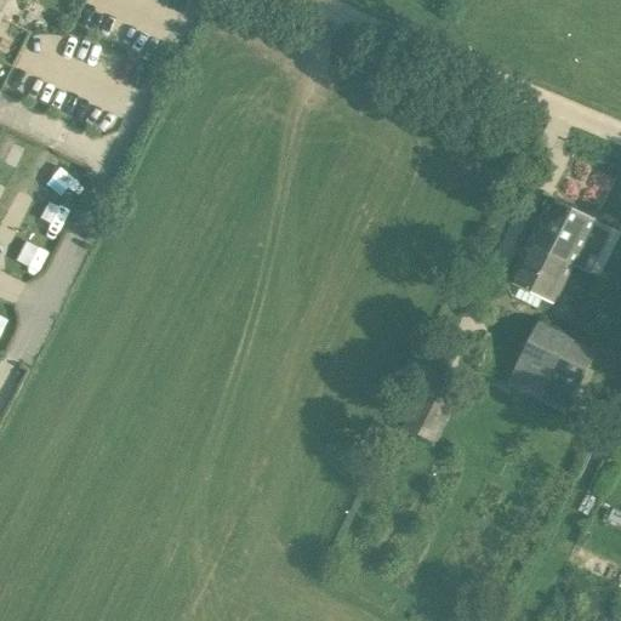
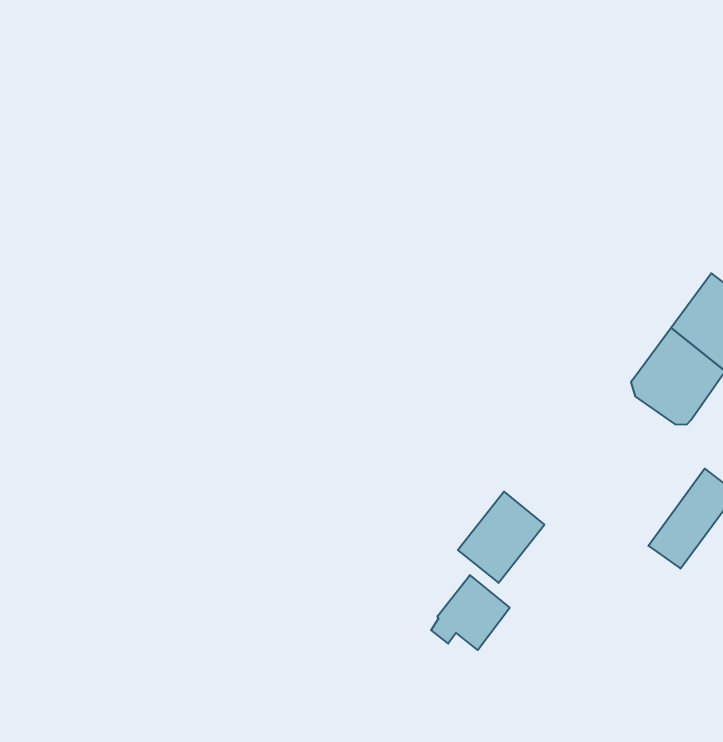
building: [509,319,572,397] -> none
building: none -> [431,575,510,650]

